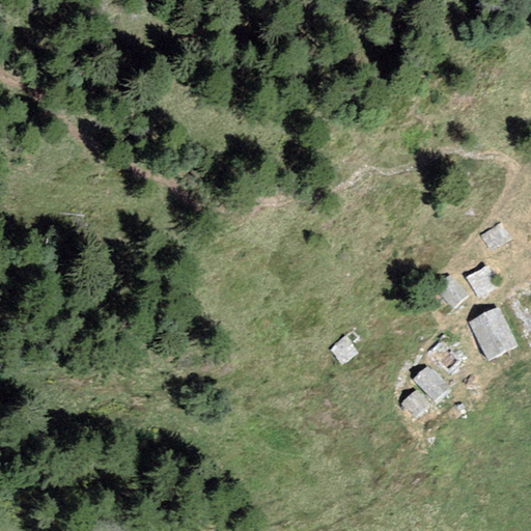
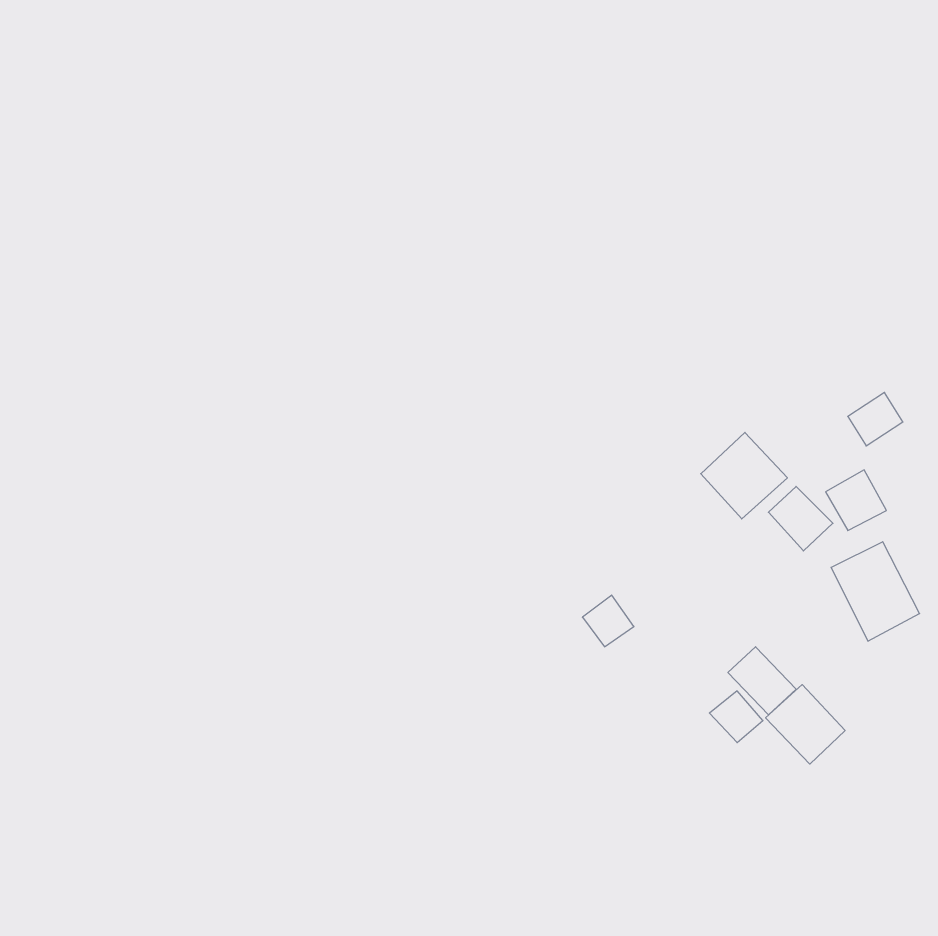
building: none -> [701,432,787,519]
building: none -> [766,685,845,764]

